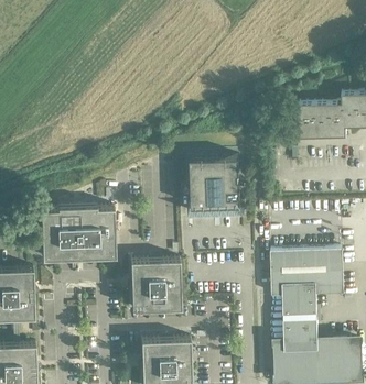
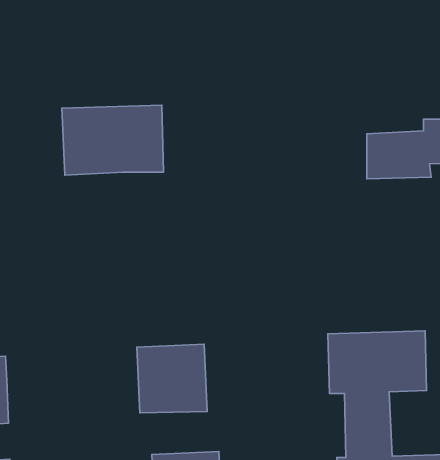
building: [191,156,241,207] -> none
building: [41,207,116,259] -> [62,105,163,175]

